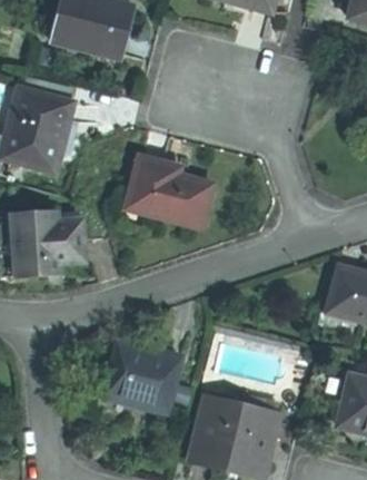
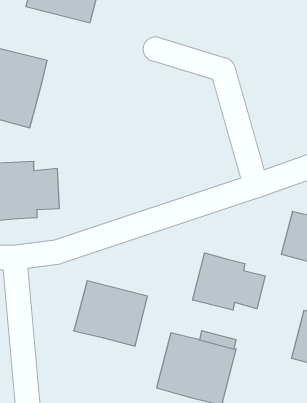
building: [126,156,212,228] -> none
building: none -> [193,253,265,310]

